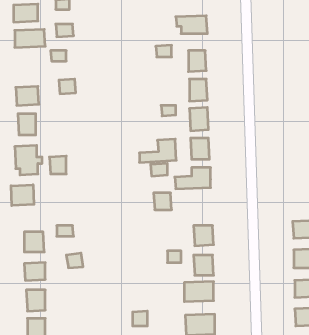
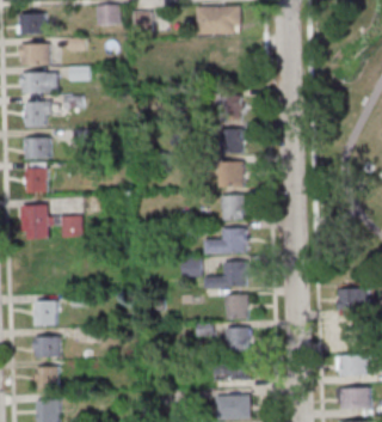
building: none -> [26,102,51,127]
building: [139,139,176,162] -> [204,262,246,288]
building: [11,185,34,206] -> none

